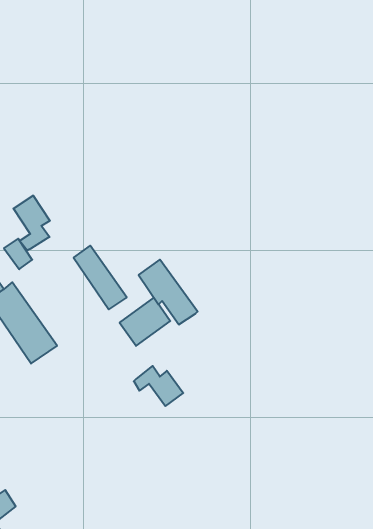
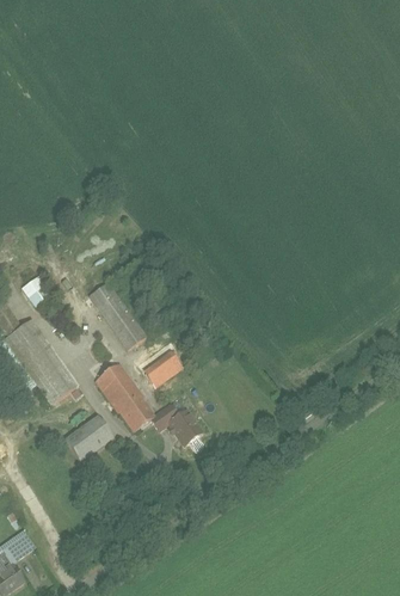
building: [13,195,50,250] -> none
building: [139,260,198,324] -> [96,365,155,431]
building: none -> [70,416,112,456]

